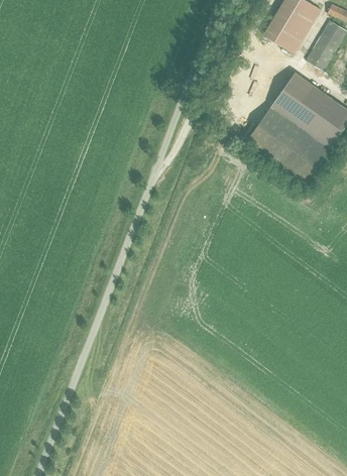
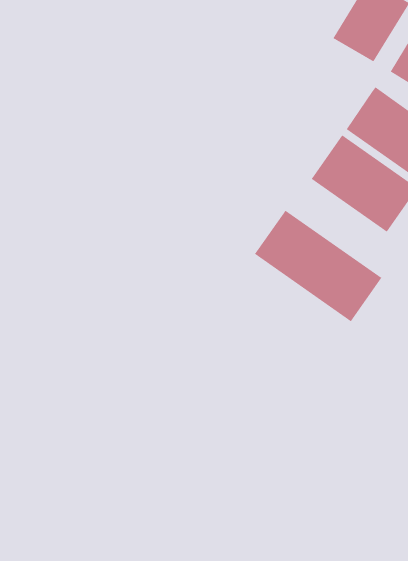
building: none -> [254,210,382,322]

